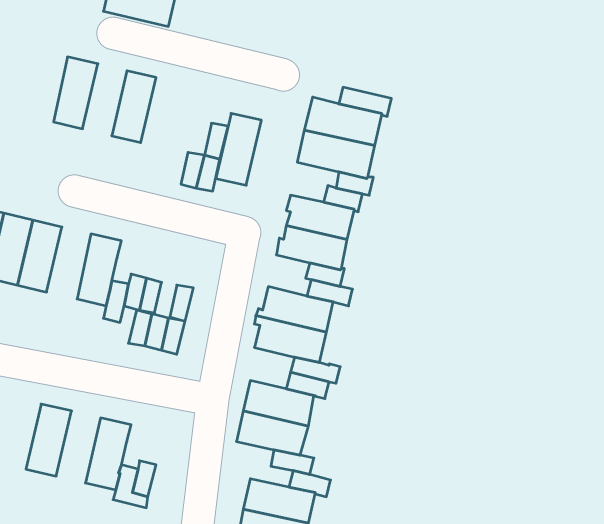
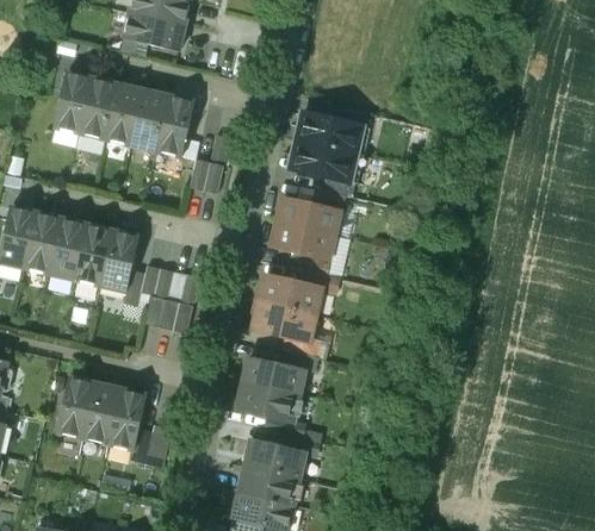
building: none -> [54,71,92,133]
building: none -> [105,83,143,145]
building: [216,113,261,185] -> [155,95,194,157]
building: none -> [74,224,112,286]
building: none -> [82,382,120,444]

